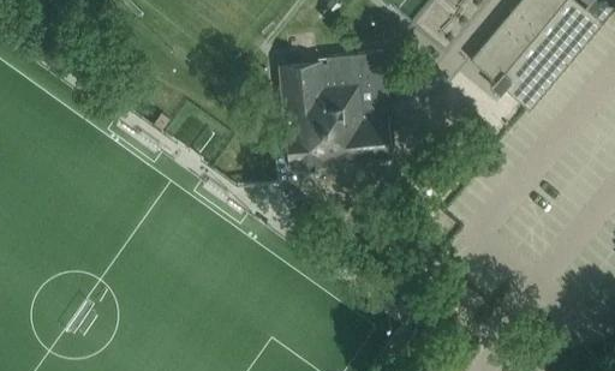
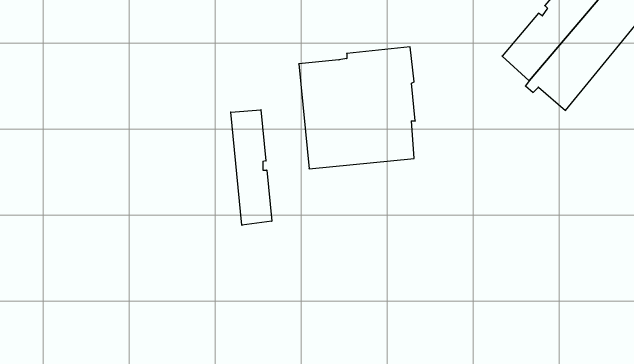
building: none -> [231,110,272,225]

